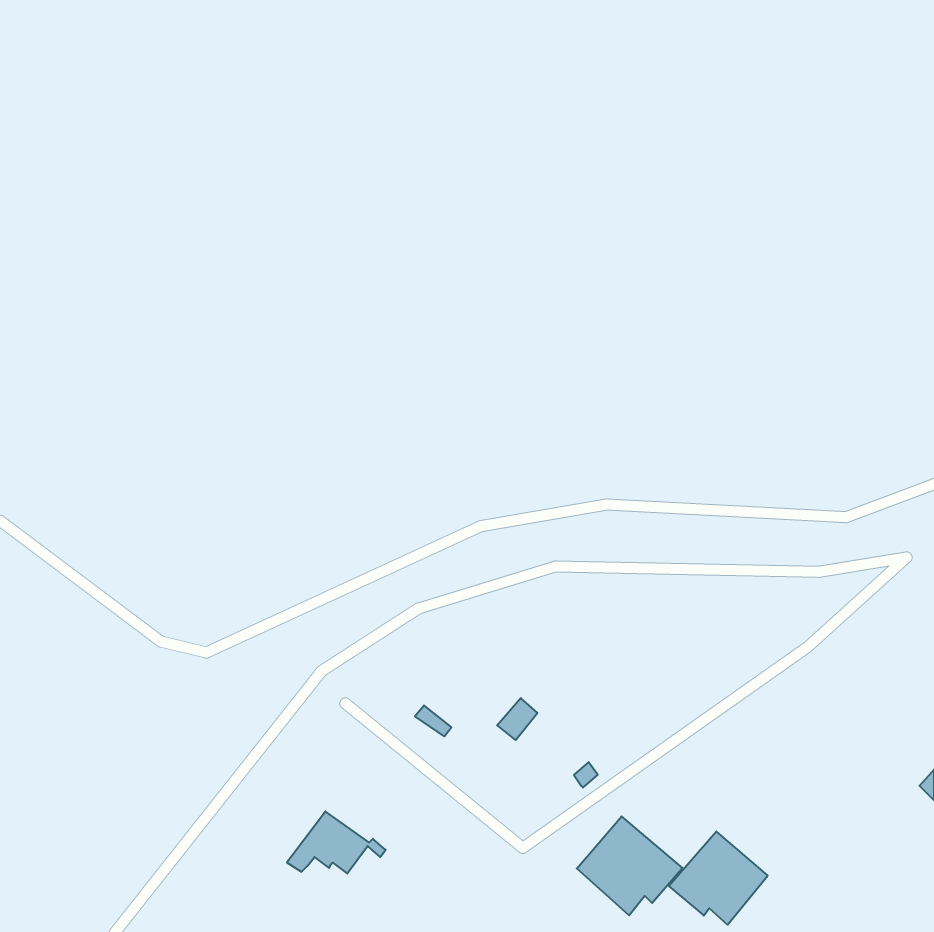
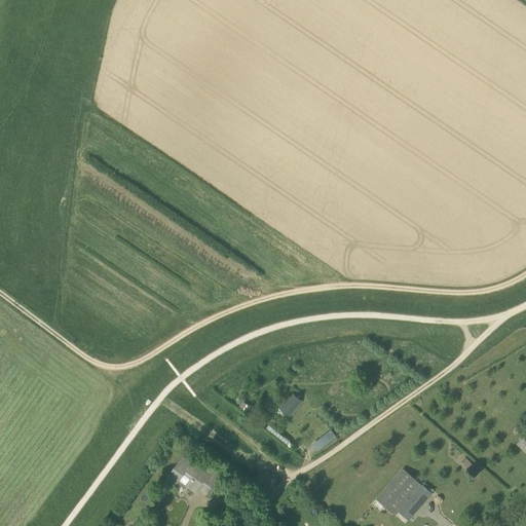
building: [577,816,683,915] -> none

